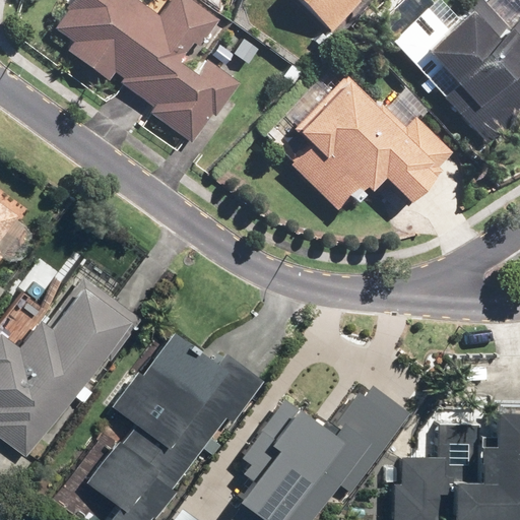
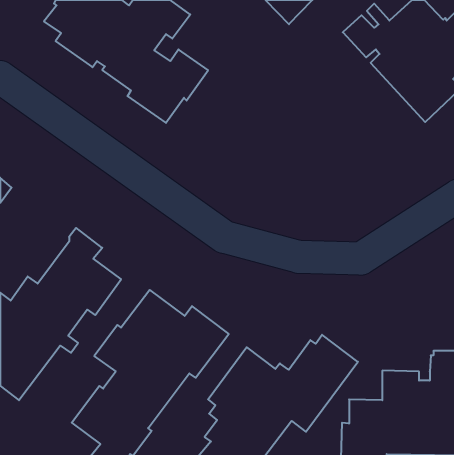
building: [284,66,454,210] -> none

